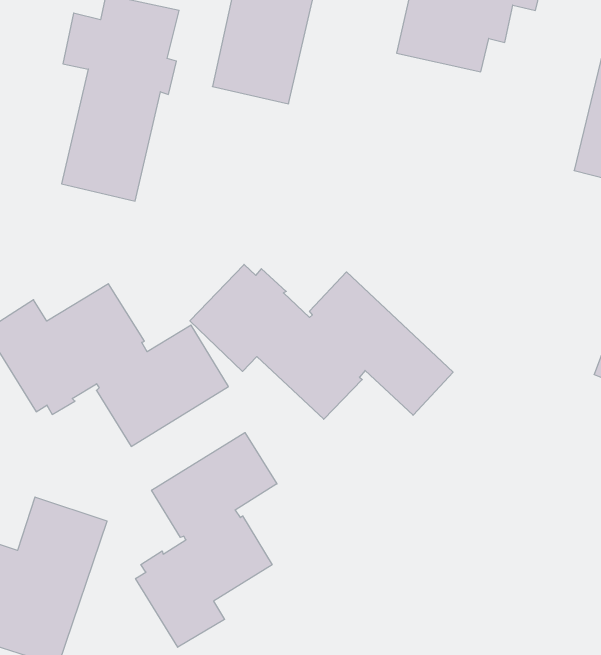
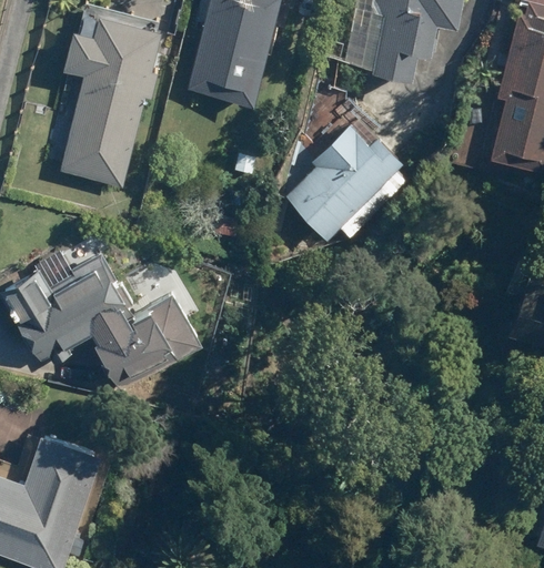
building: none -> [286,125,401,237]
building: [190,264,453,419] -> none
building: [136,433,277,647] -> none

